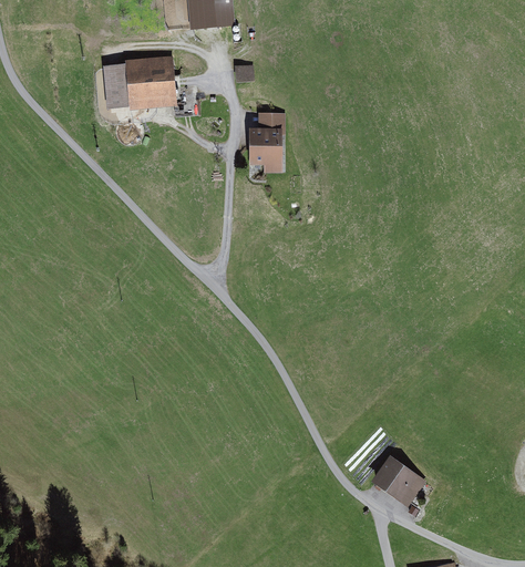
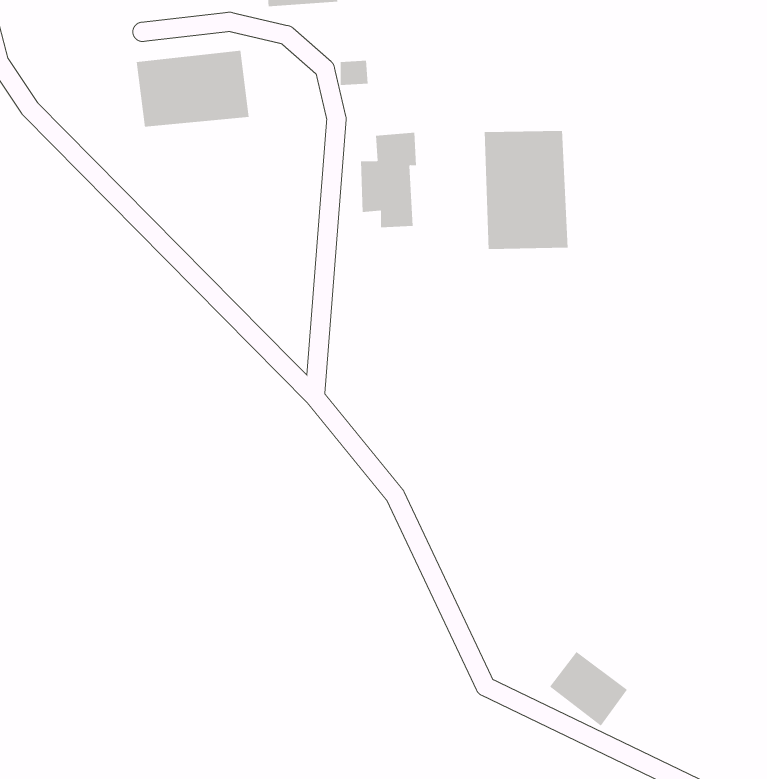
building: none -> [484,130,568,250]

